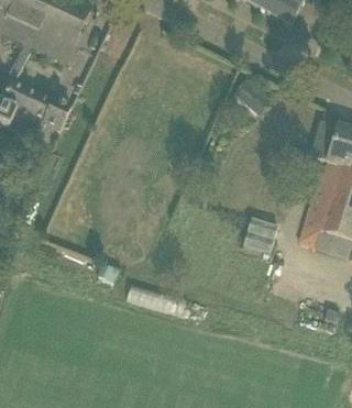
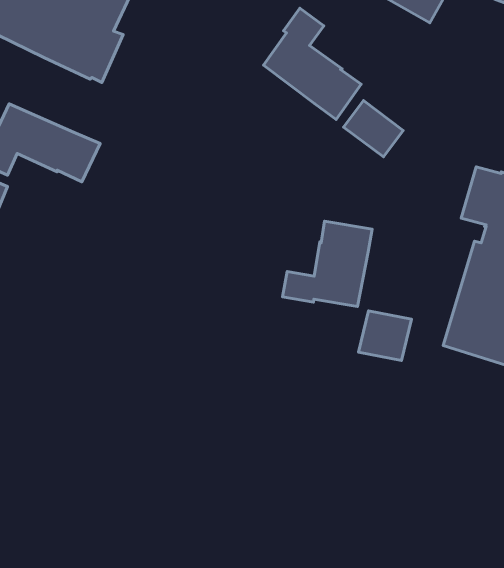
building: none -> [263,8,361,120]
building: none -> [283,221,372,307]

